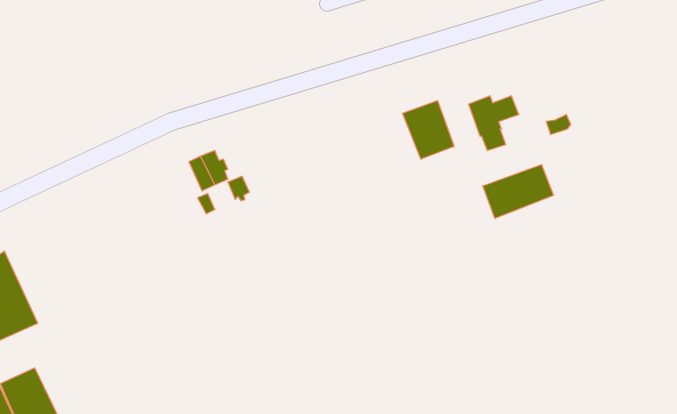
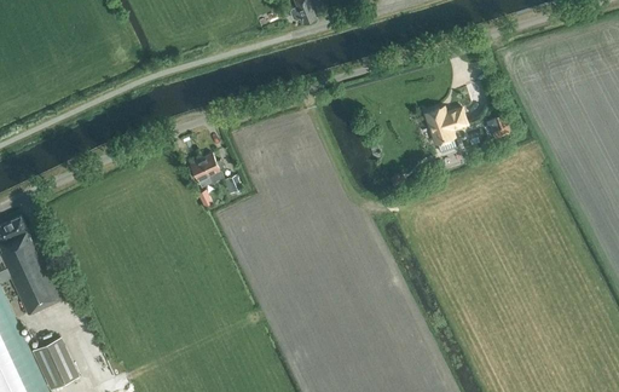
building: [402,100,454,159] -> none
building: [483,165,554,218] -> none

